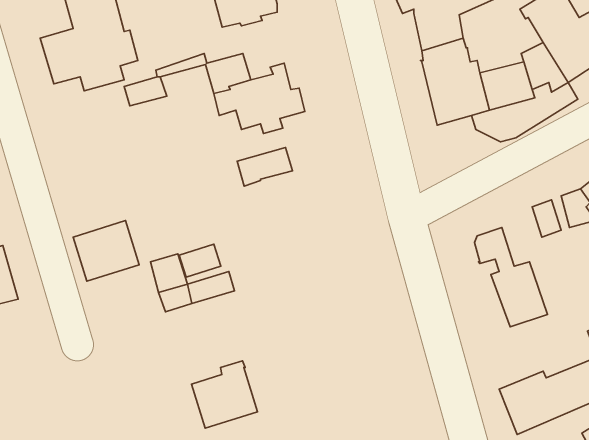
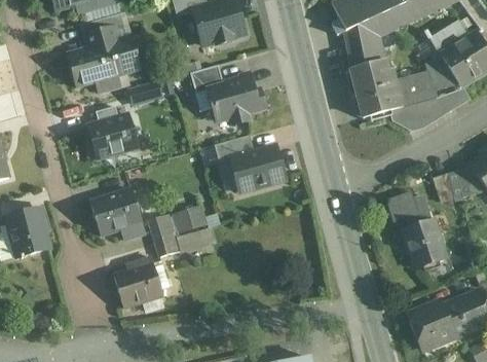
building: none -> [88,113,140,164]
building: none -> [231,146,285,190]
building: [191,361,258,428] -> [114,256,163,306]

